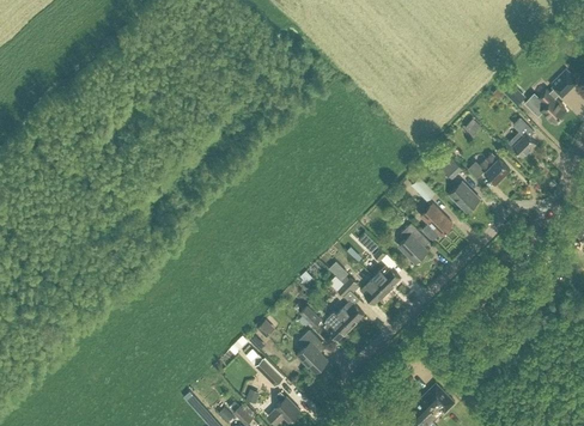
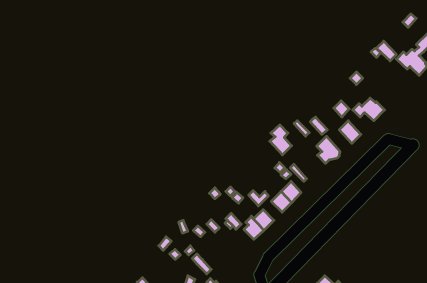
building: [509,117,537,157] -> none
building: [399,224,427,263] -> [270,125,292,155]
building: [297,329,328,372] -> none

